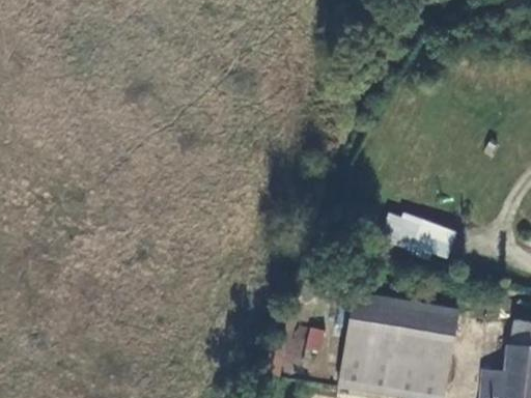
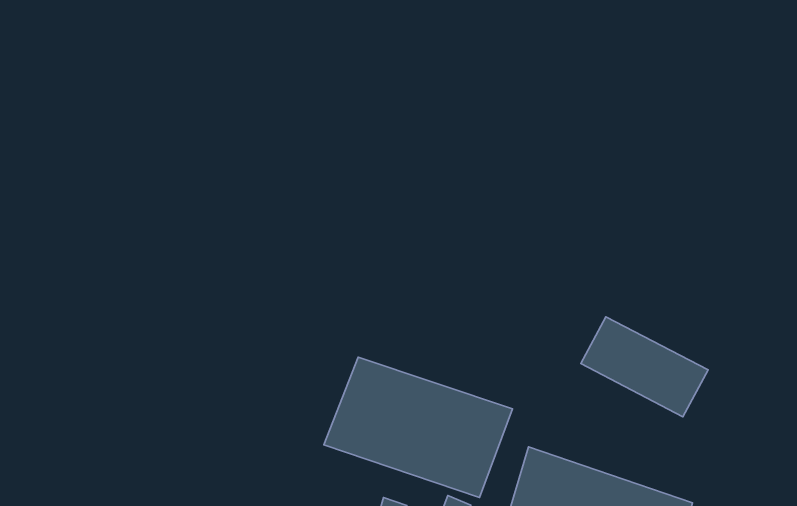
building: none -> [324,357,512,497]

